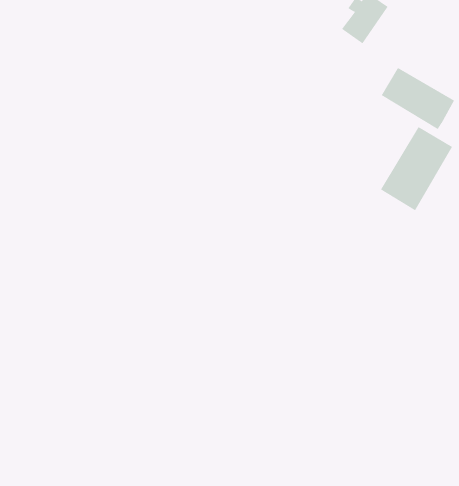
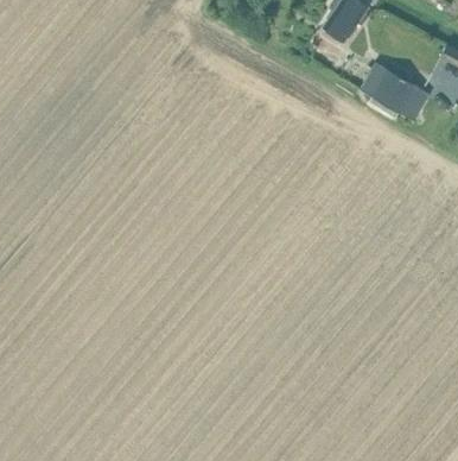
building: [380,126,453,211] -> none

